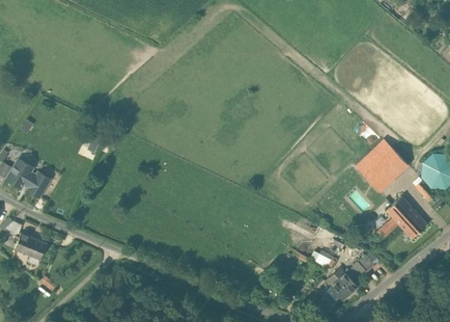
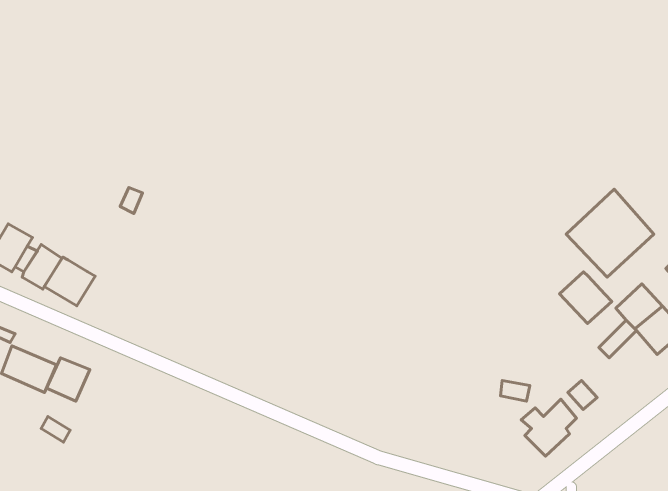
building: none -> [44,257,95,306]
building: none -> [559,272,612,323]
building: none -> [46,358,90,401]

